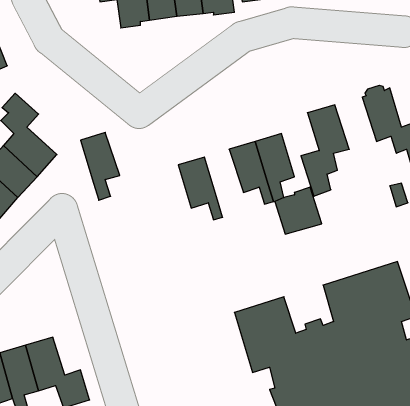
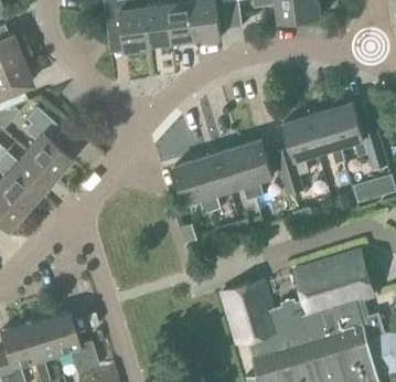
building: none -> [307,109,345,163]
building: [81,132,120,200] -> [196,153,229,211]

